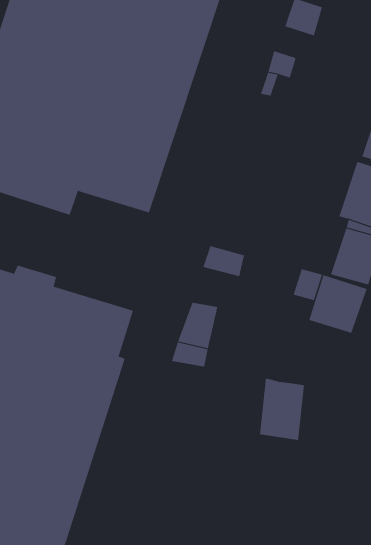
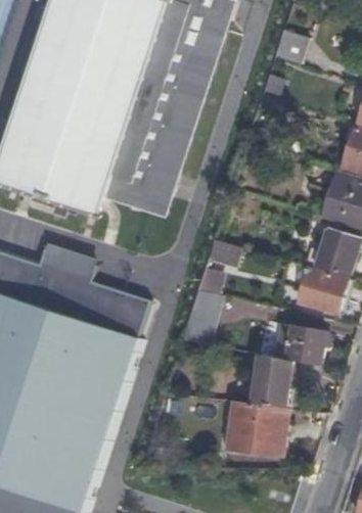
building: none -> [272,325,326,366]
building: none -> [229,401,289,455]

